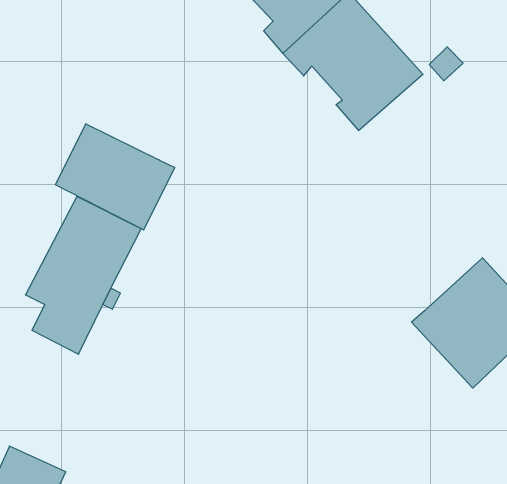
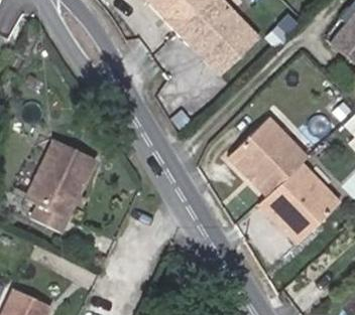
building: [56,124,175,230] -> none
building: none -> [219,103,313,197]

